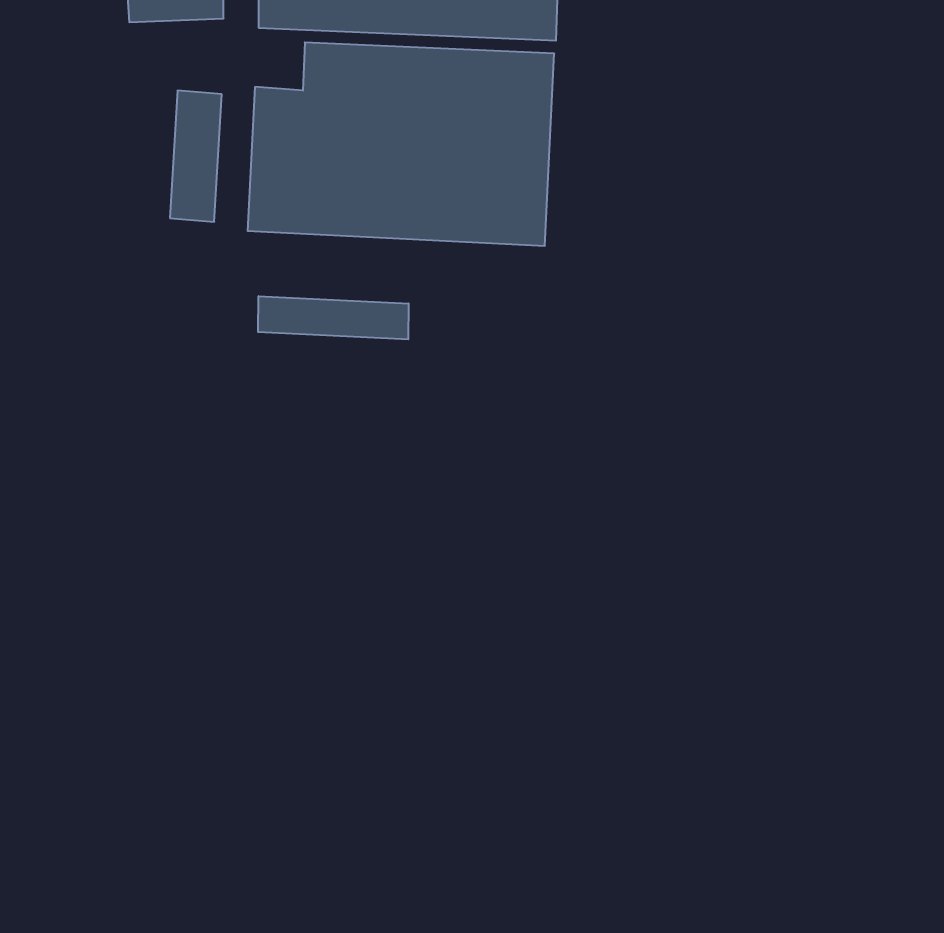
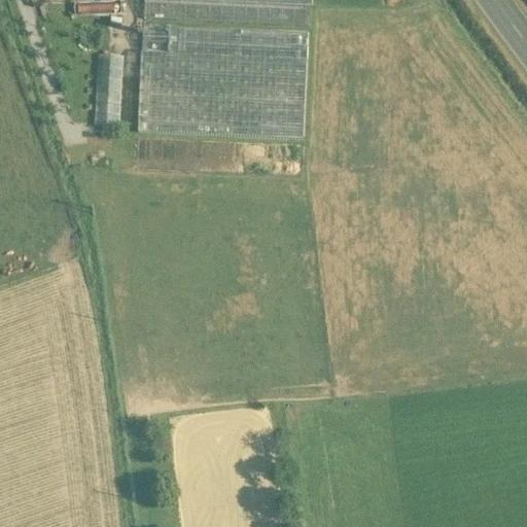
building: none -> [142,20,170,50]
building: [258,296,409,339] -> none

